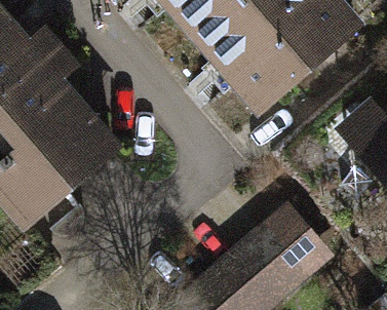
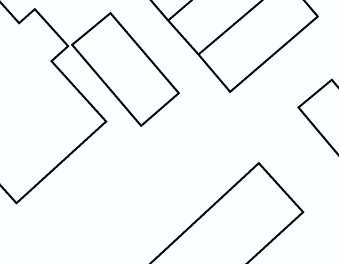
building: none -> [72,13,179,126]

